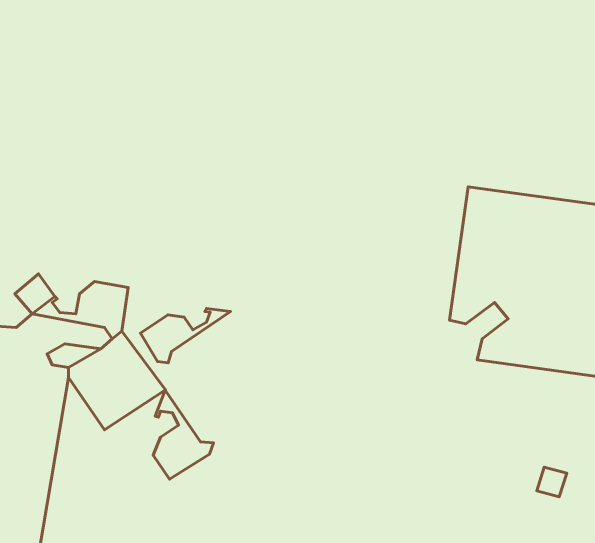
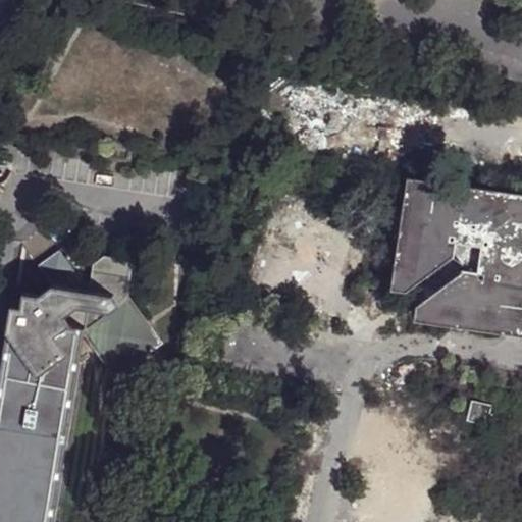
building: [140,309,230,363] -> none
building: [153,390,213,479] -> none

